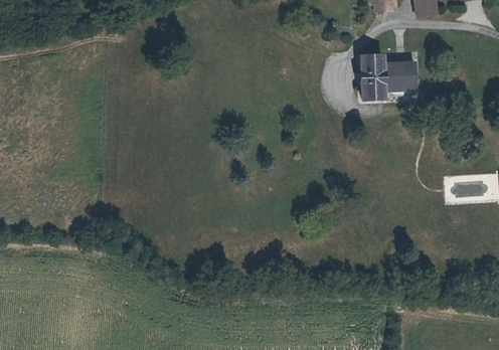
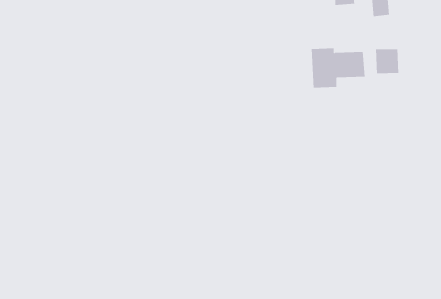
building: none -> [376,48,399,74]

